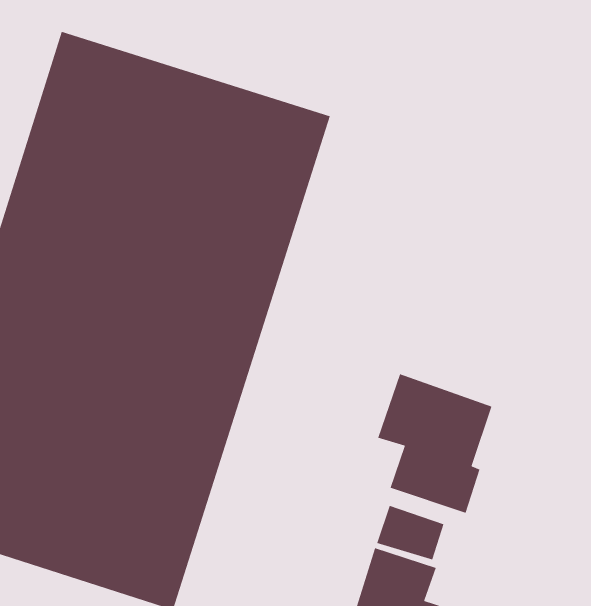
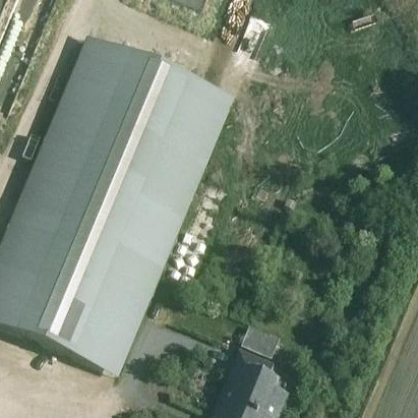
building: [377,373,492,514] -> none

